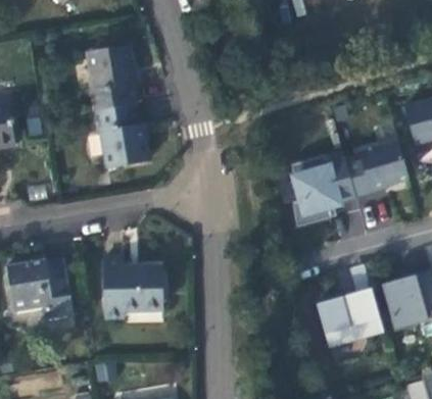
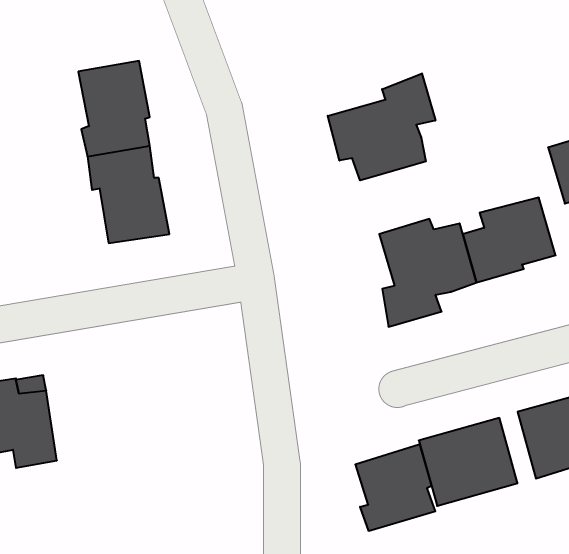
building: none -> [328,73,435,180]
building: [104,259,164,319] -> none
building: none -> [355,444,435,531]

